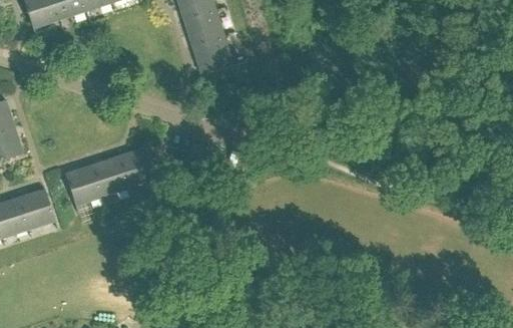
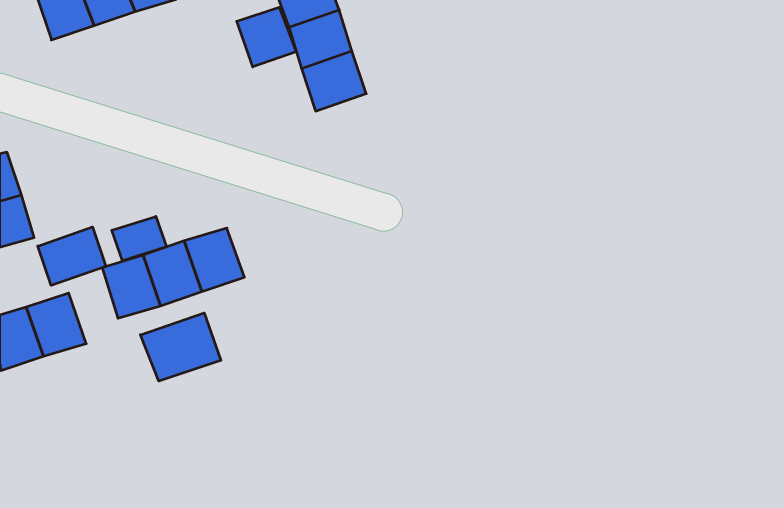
building: none -> [237,7,296,67]
building: none -> [112,216,167,261]
building: none -> [38,227,106,285]
building: none -> [140,313,221,381]

